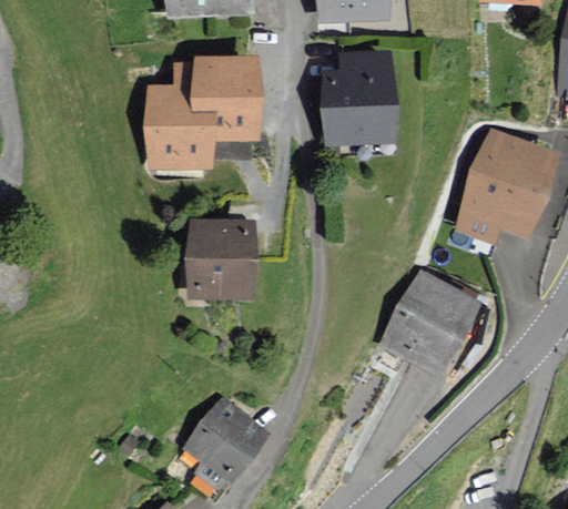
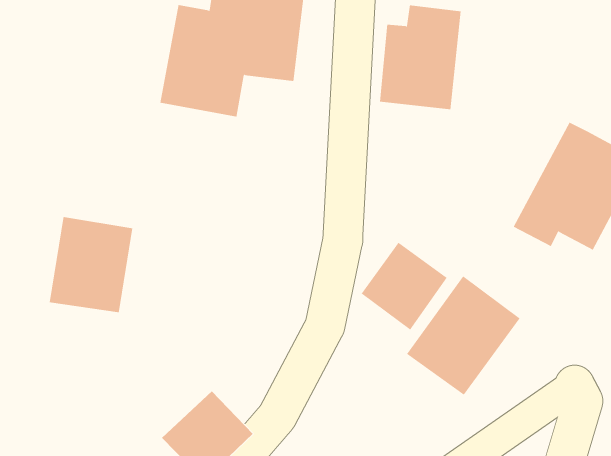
building: [189,223,250,296] -> [49,217,133,313]
building: none -> [361,242,448,331]

